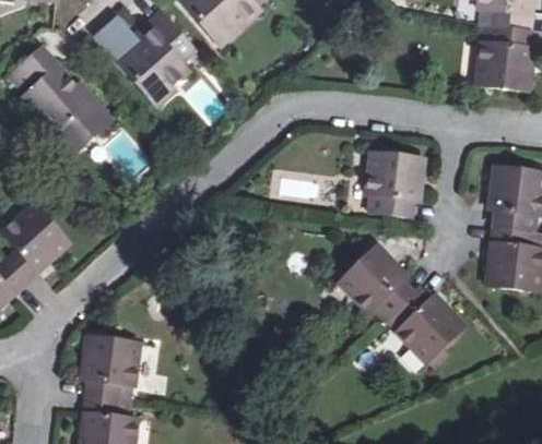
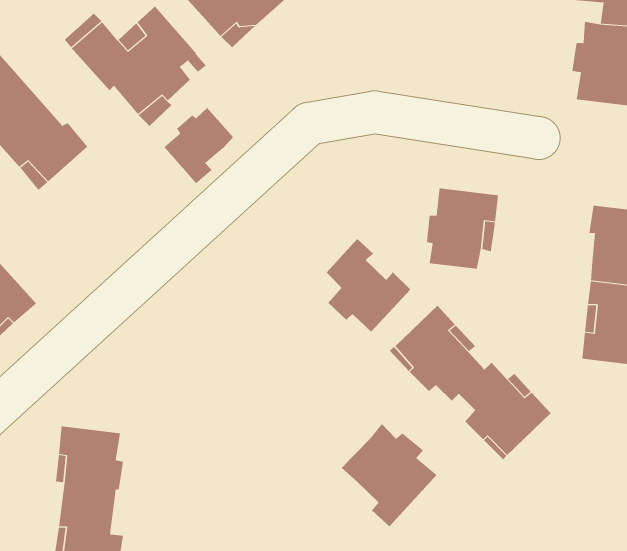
building: none -> [163,107,234,184]
building: none -> [326,238,411,333]
building: none -> [341,423,437,527]

